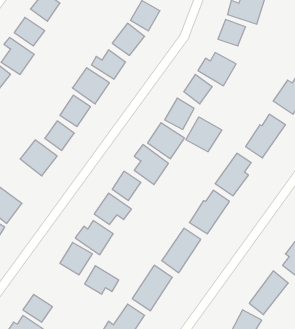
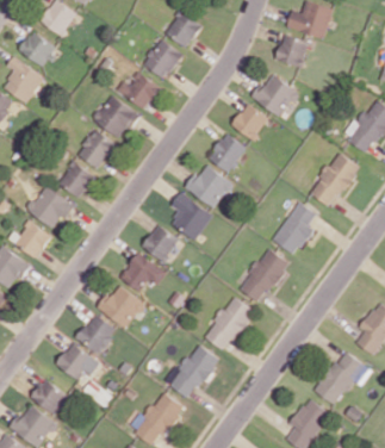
building: [186,117,222,152] -> none
building: none -> [14,220,52,257]
building: [85,266,119,294] -> [57,343,100,379]

